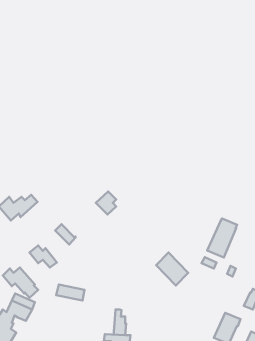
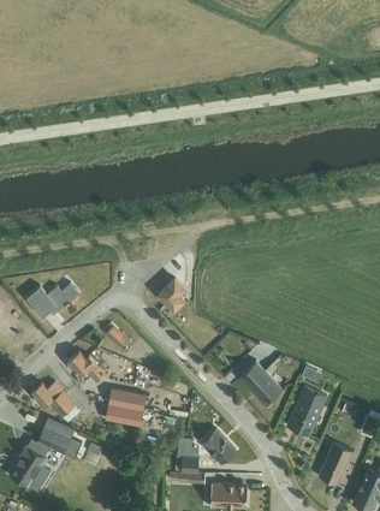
building: [207,219,237,258] -> [286,382,327,435]
building: none -> [108,387,146,410]
building: none -> [200,428,236,464]

